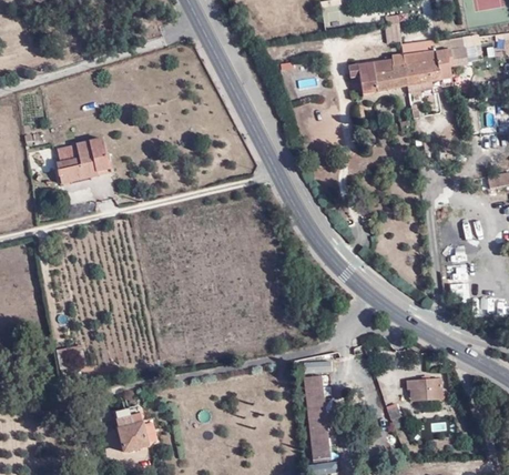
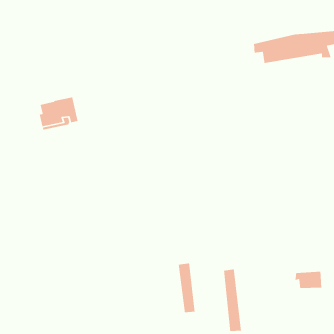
building: none -> [178,262,196,313]
building: [111,394,149,451] -> none

